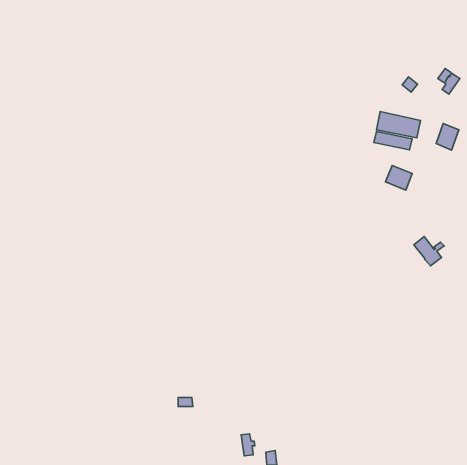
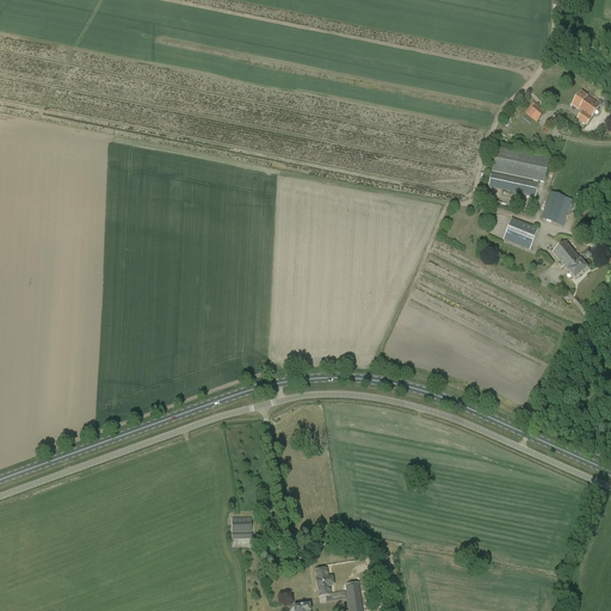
building: [436,124,459,150] -> [542,191,572,226]
building: [414,237,444,266] -> [554,240,593,278]

